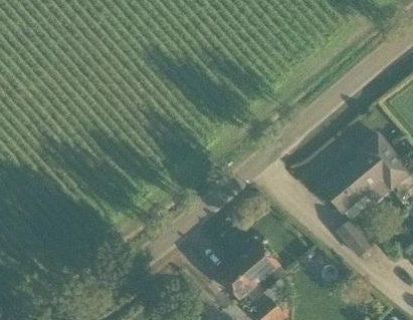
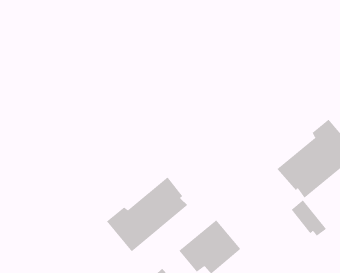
building: none -> [106,177,188,252]

